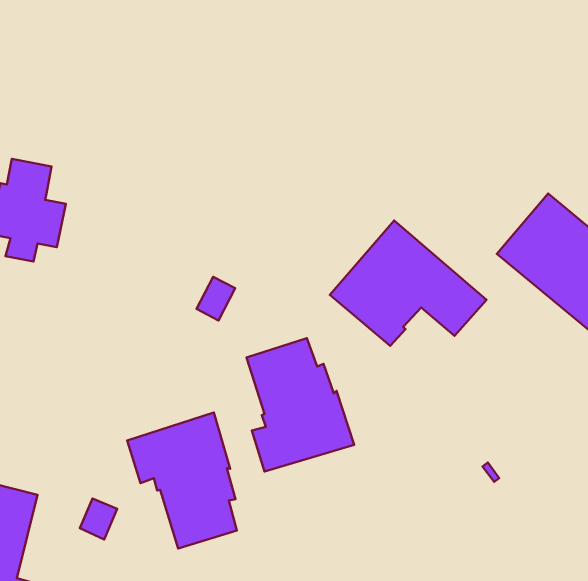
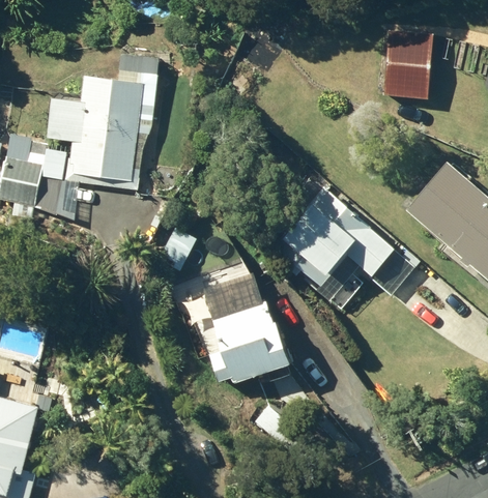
building: none -> [384,28,436,96]
building: none -> [48,75,145,180]
building: [127,412,237,548] -> none

